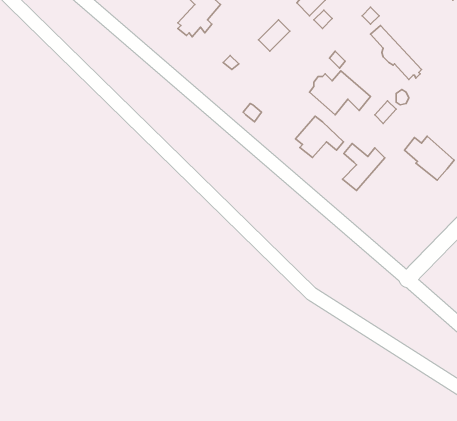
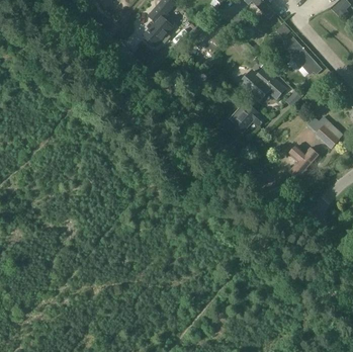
building: [342,144,385,190] -> [287,146,318,179]

